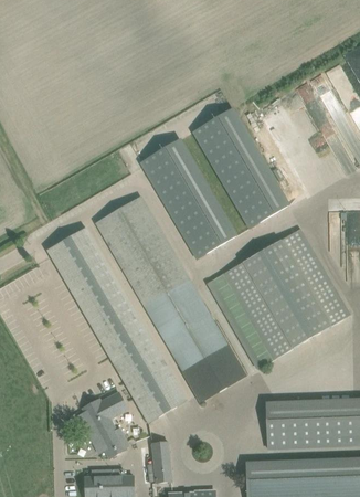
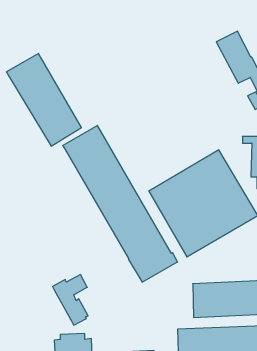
building: [189,105,288,228] -> none
building: [137,137,235,258] -> [6,53,81,146]
building: [46,228,187,422] -> none
building: [151,441,171,482] -> none

